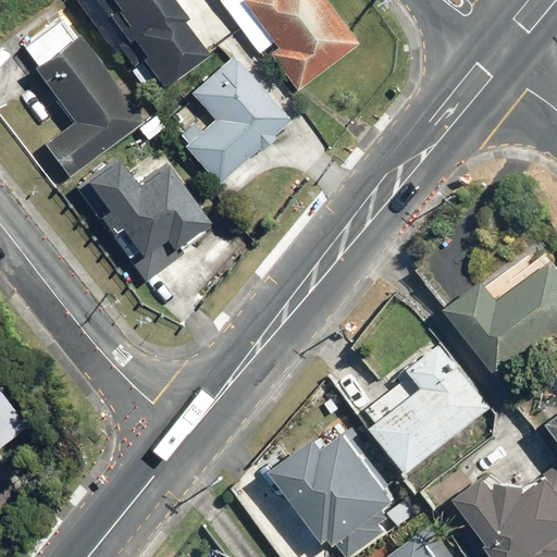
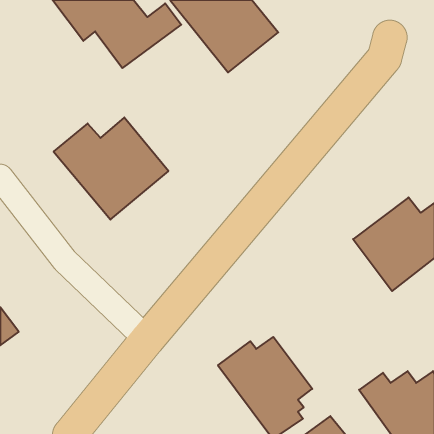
building: [20,11,143,176] -> none
building: [178,52,288,183] -> none
building: [368,344,495,472] -> none

